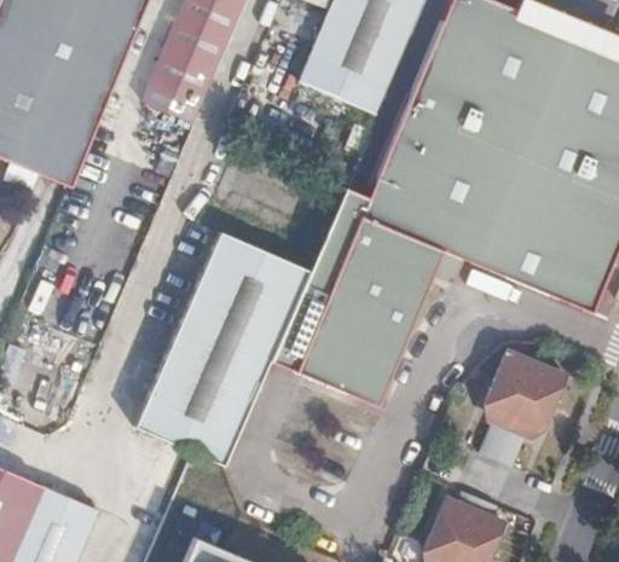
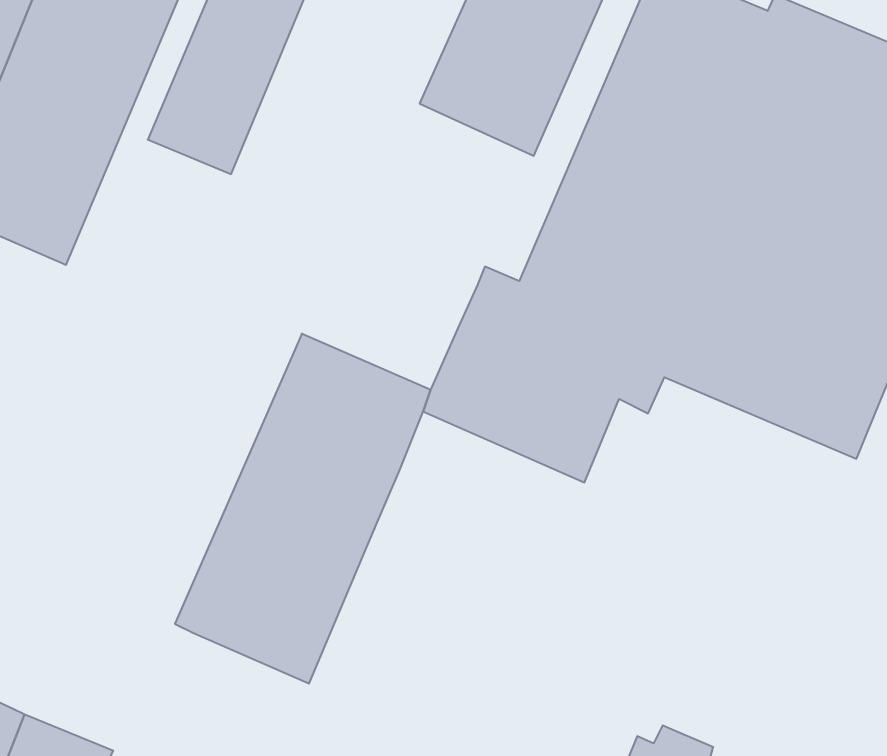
building: [271,282,411,405] -> none
building: [480,352,567,467] -> none

